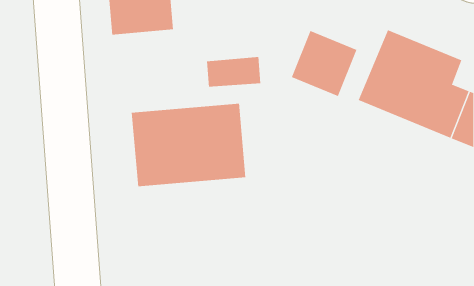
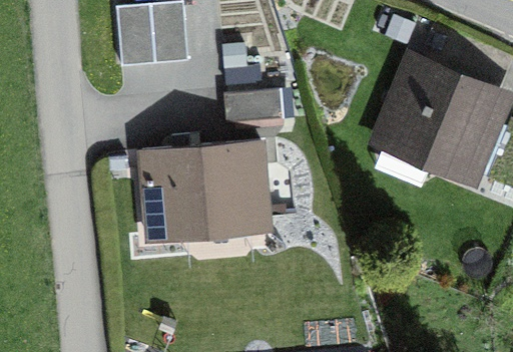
building: [291,30,357,97] -> none

